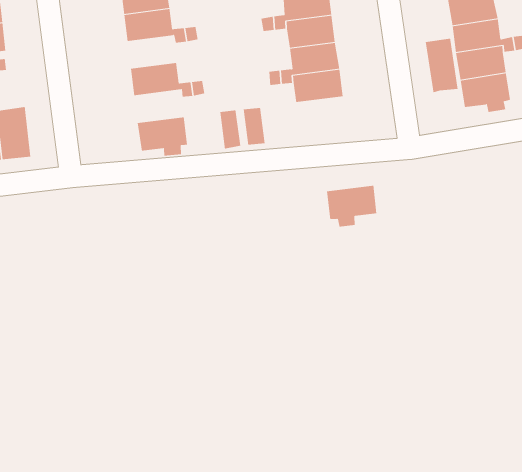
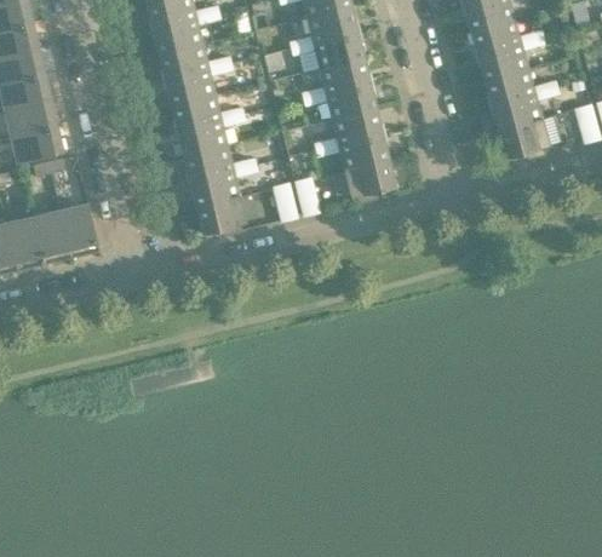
building: none -> [174,117,224,154]
building: [425,38,458,93] -> none
building: none -> [187,168,237,205]
building: [326,185,377,227] -> [342,157,392,201]

